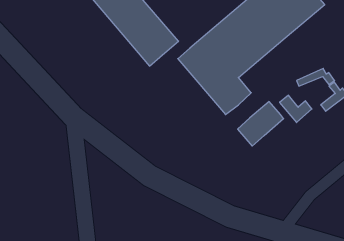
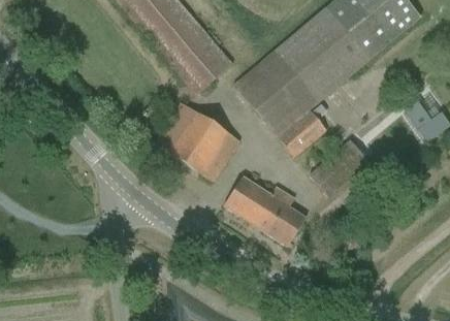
building: none -> [155,103,240,183]
building: none -> [224,178,307,247]

